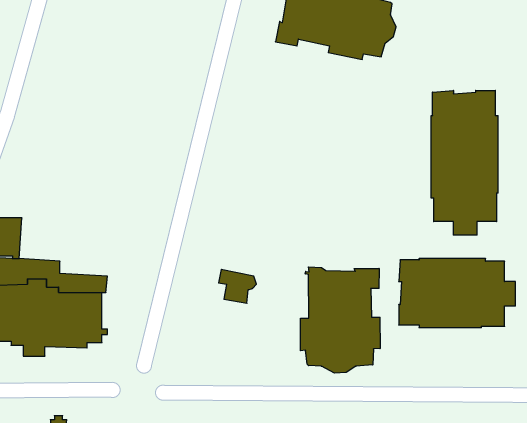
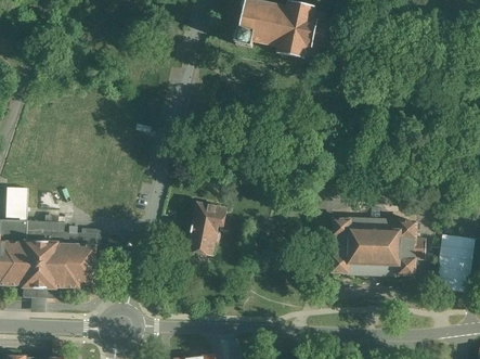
building: [431,90,498,235] -> none
building: none -> [189,203,225,232]
building: [301,267,380,373] -> none

